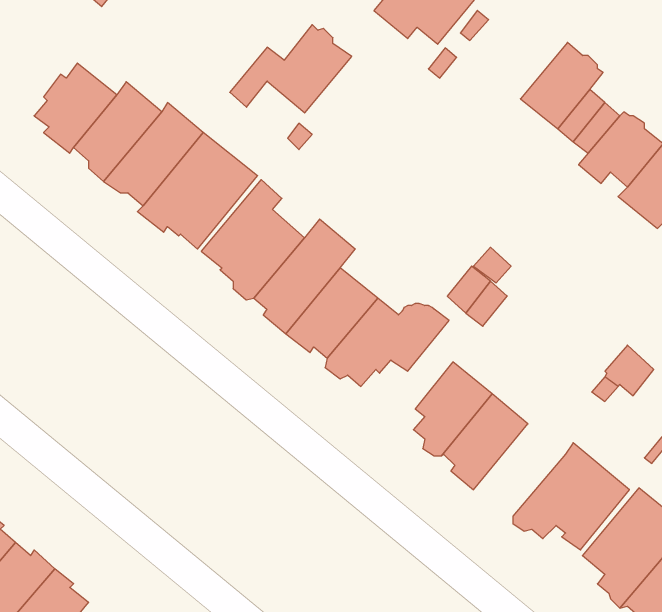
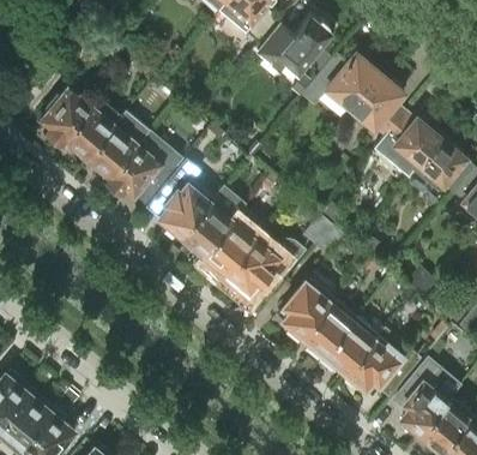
building: [230,25,352,113] -> [302,53,380,109]
building: none -> [320,317,381,376]

